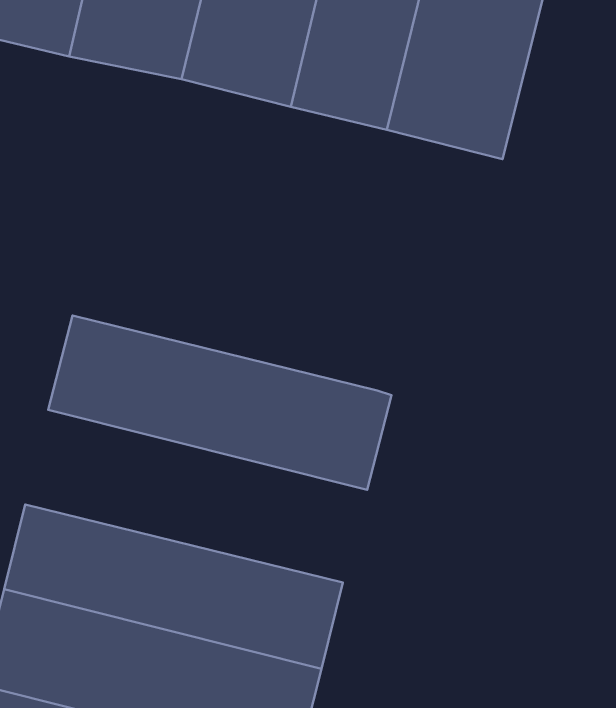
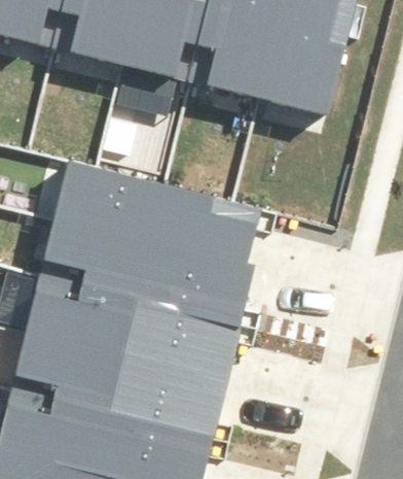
building: none -> [54,160,260,261]
building: none -> [25,273,241,382]

